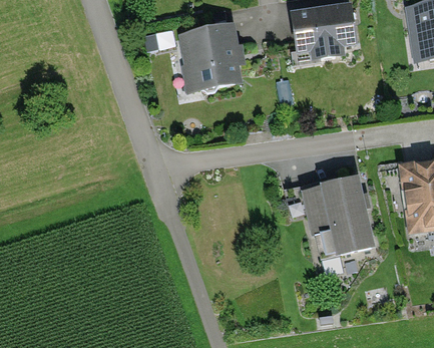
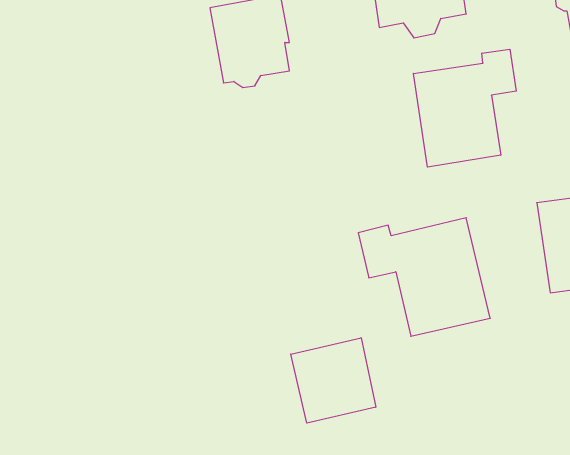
building: none -> [413,49,516,167]
building: none -> [291,338,376,423]

